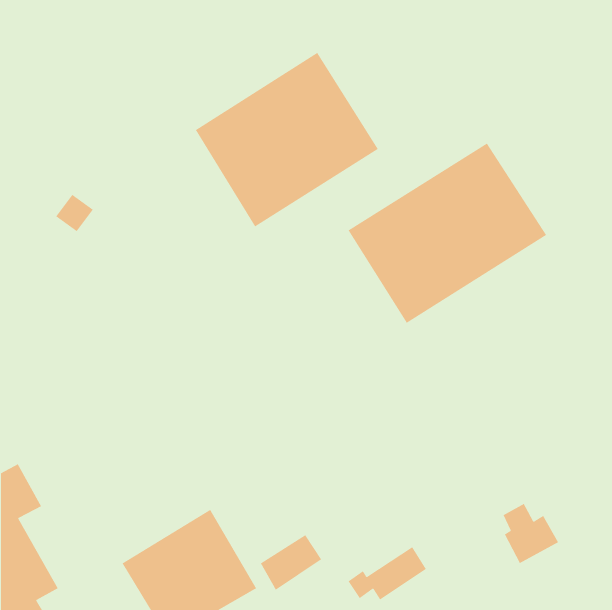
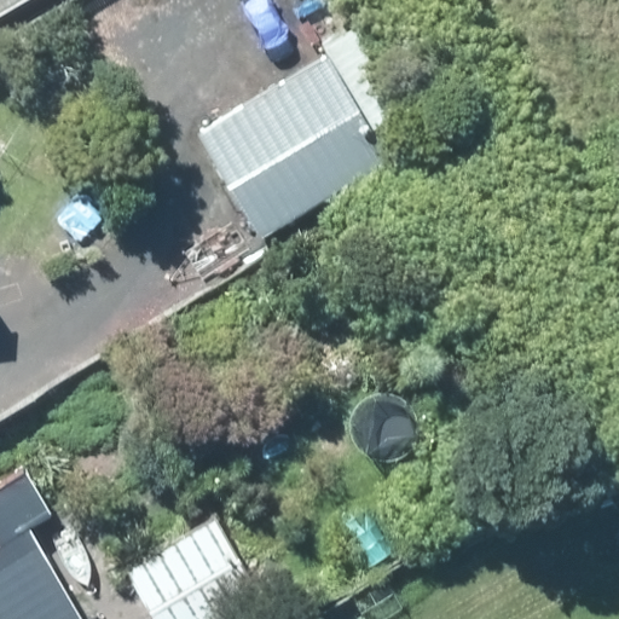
building: [347,143,547,324] -> none

